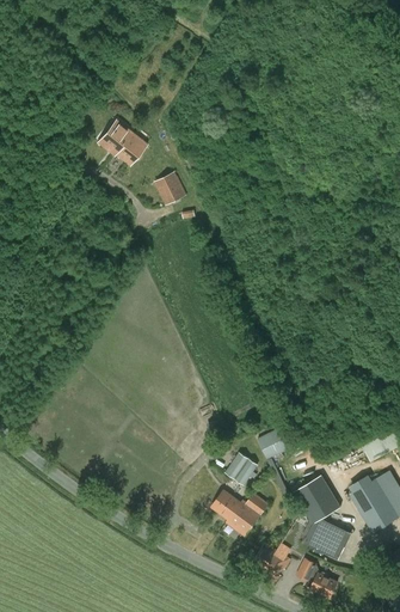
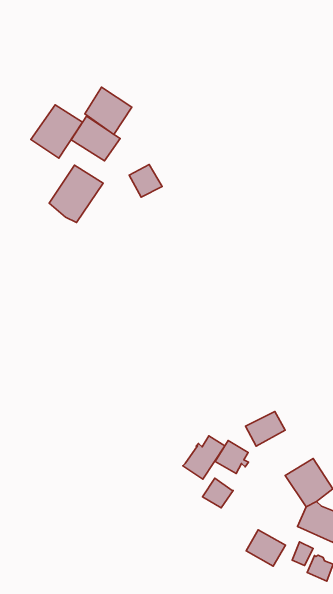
building: none -> [85,87,132,134]
building: none -> [31,105,83,158]
building: none -> [49,165,103,222]
building: [226,492,269,536] -> [183,436,225,479]

